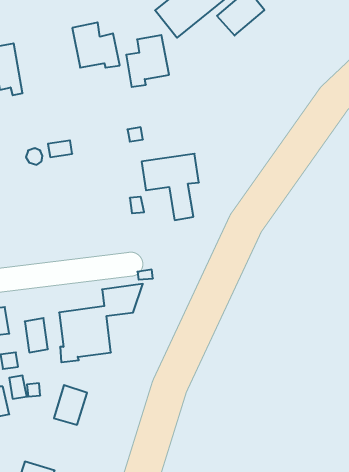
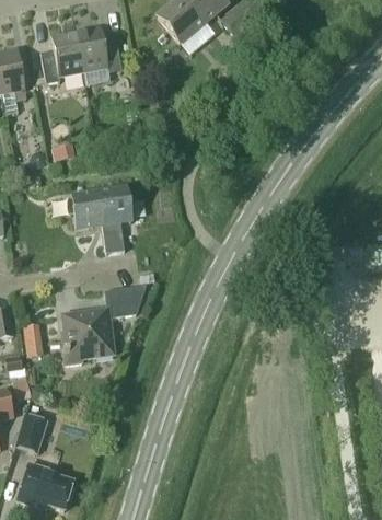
building: [126,35,169,87] -> [39,32,82,83]
building: [142,154,199,220] -> [72,187,129,253]
building: [54,385,87,425] -> [13,413,46,452]

